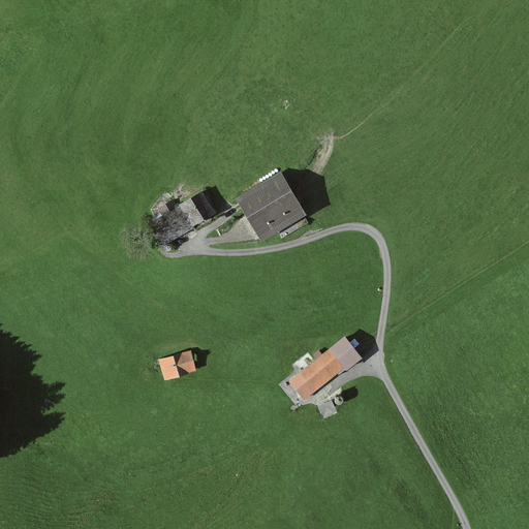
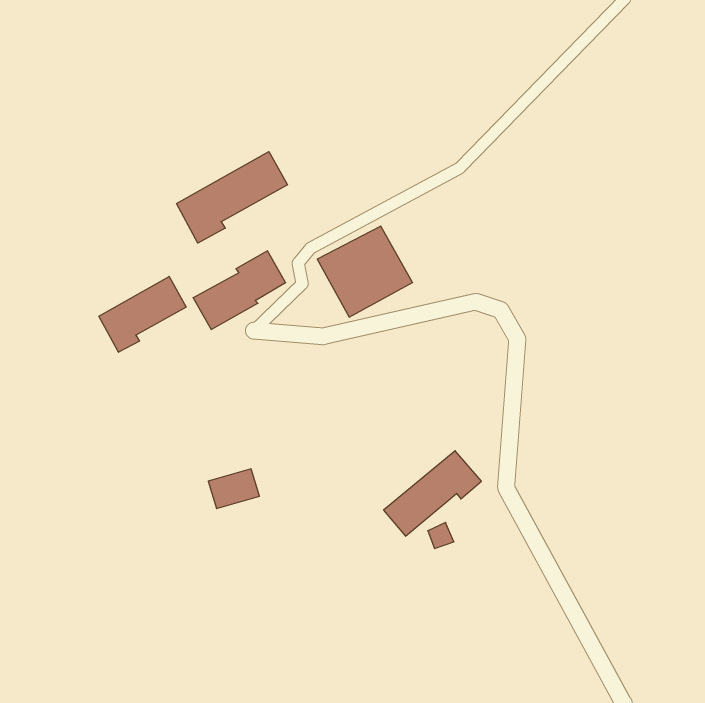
building: none -> [177,152,287,243]
building: none -> [99,276,186,352]

